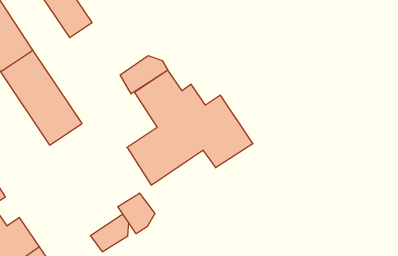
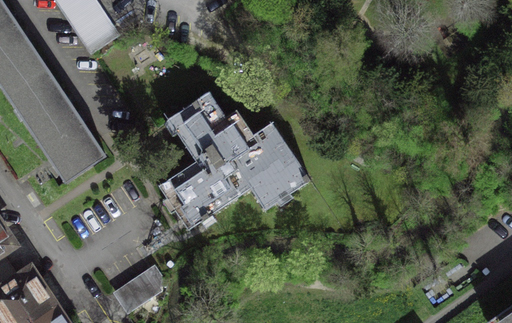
building: [120,56,168,94] -> none
building: [118,193,155,234] -> none

